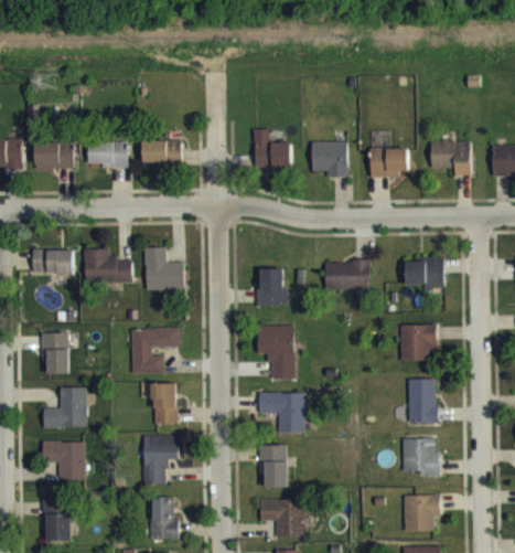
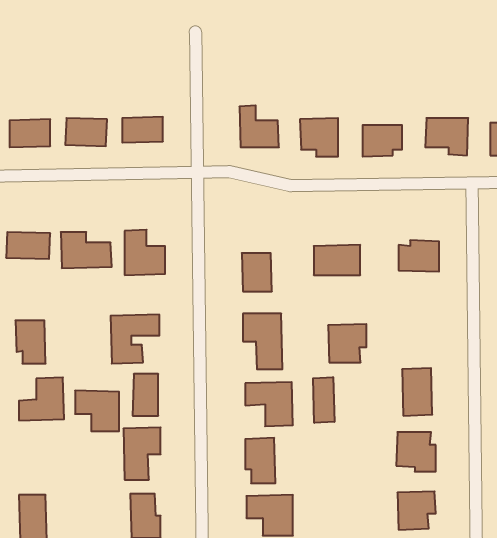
building: [399,323,436,360] -> [328,324,366,362]
building: none -> [313,377,334,423]
building: [43,440,85,479] -> [75,391,119,431]

